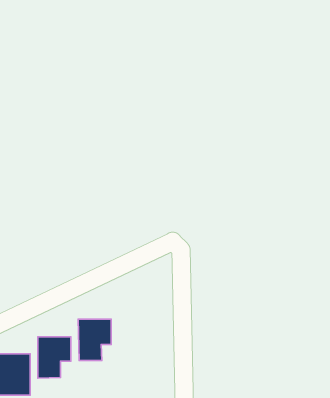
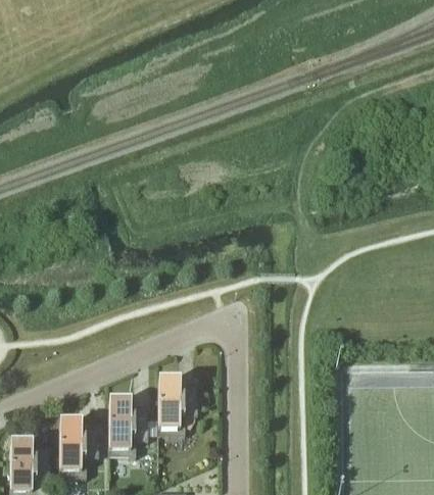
building: none -> [157,378,197,428]

